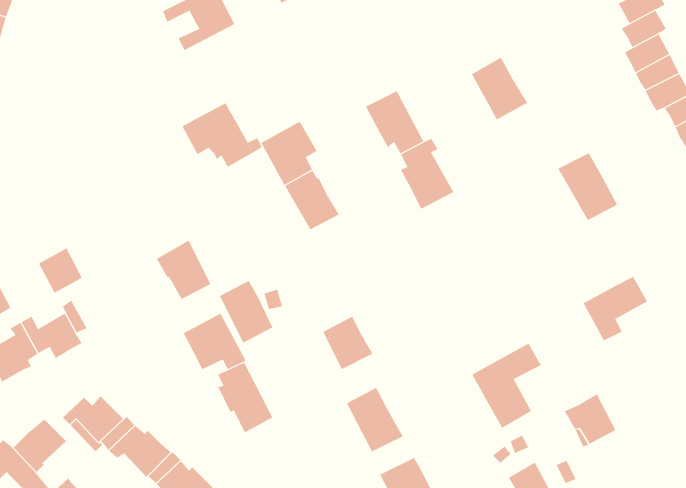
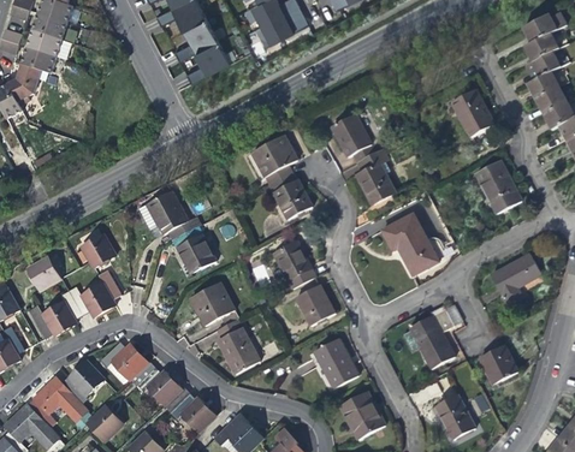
building: [471,57,528,120] -> [449,88,492,136]
building: [181,102,262,167] -> [135,191,196,240]
building: none -> [380,214,437,274]
building: [219,280,273,344] -> [273,240,314,289]

